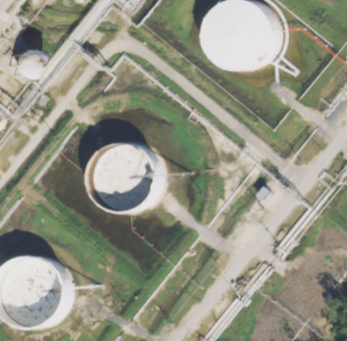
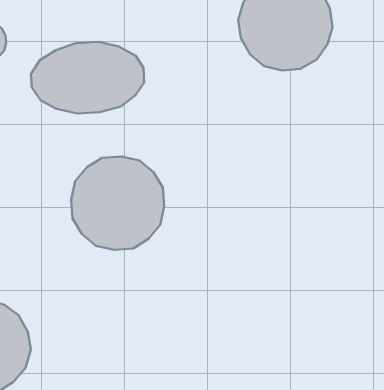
building: none -> [31,42,144,114]

